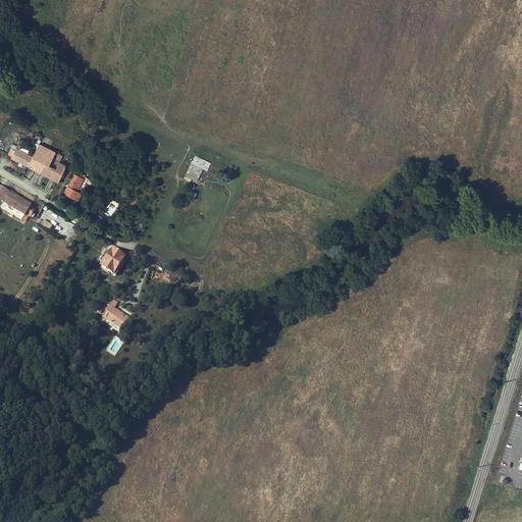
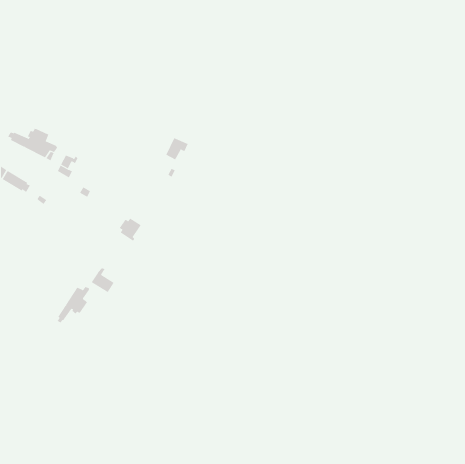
building: [100,248,125,274] -> [119,218,142,242]
building: none -> [57,286,90,323]

